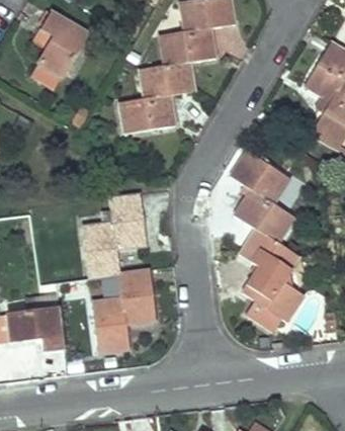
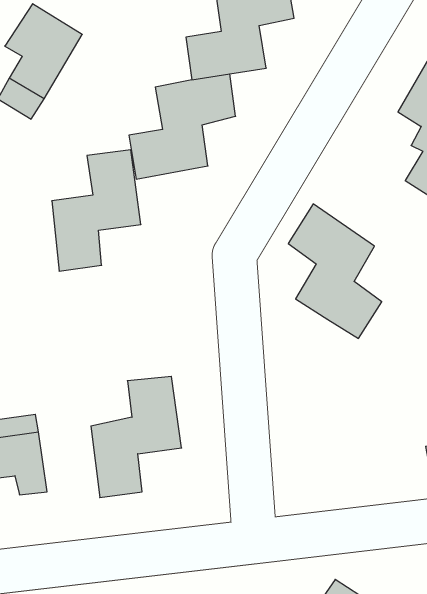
building: [85,192,147,276] -> [52,150,141,271]
building: [242,230,304,333] -> none

